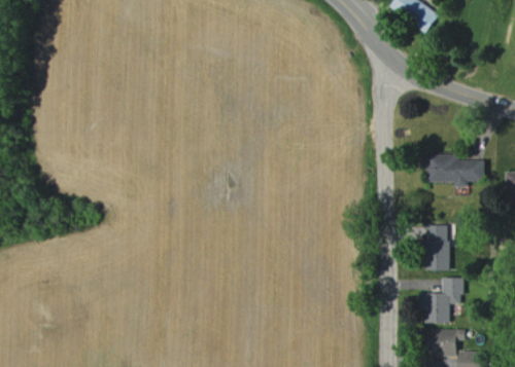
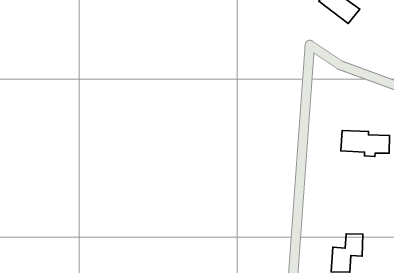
building: [427,224,449,269] -> none

